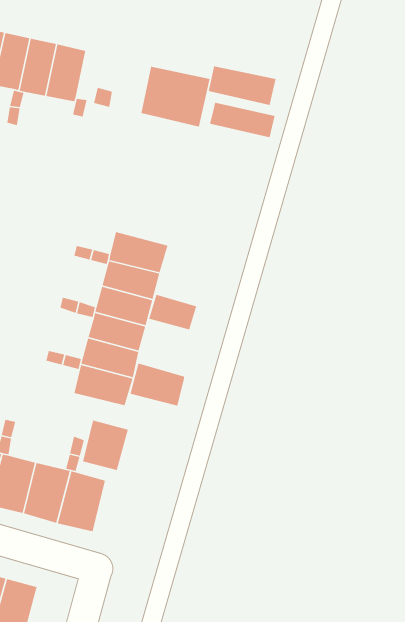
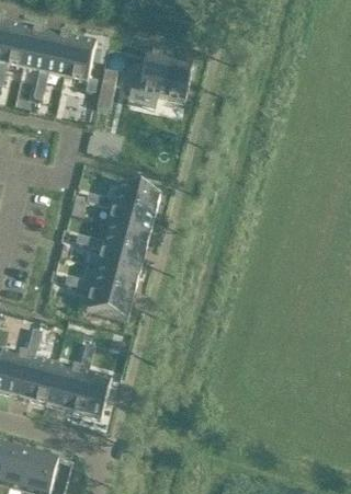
building: [208,65,277,106] -> none
building: [209,102,276,138] -> none
building: [148,294,197,330] -> none
building: [129,362,185,406] -> none
building: [82,420,129,471] -> none

